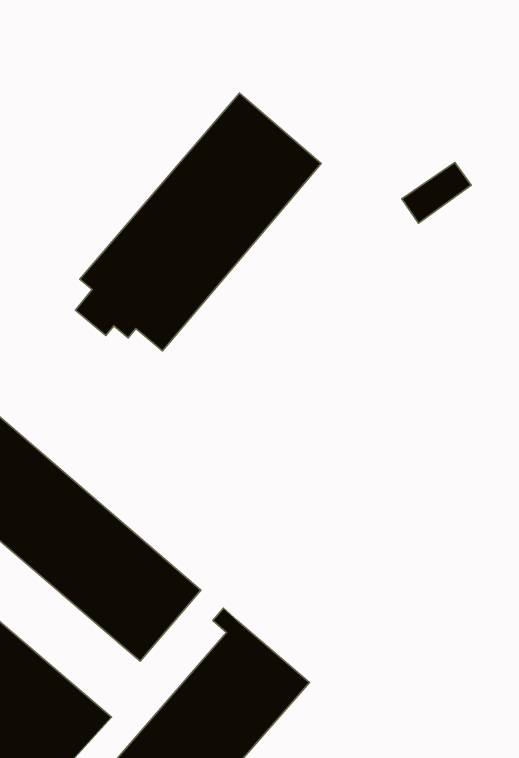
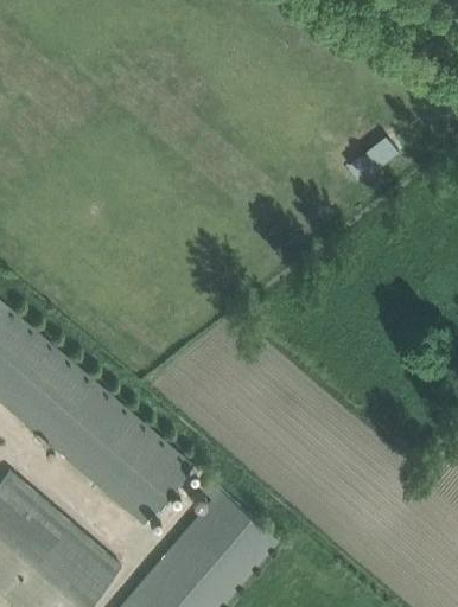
building: [76,93,321,351] -> none

